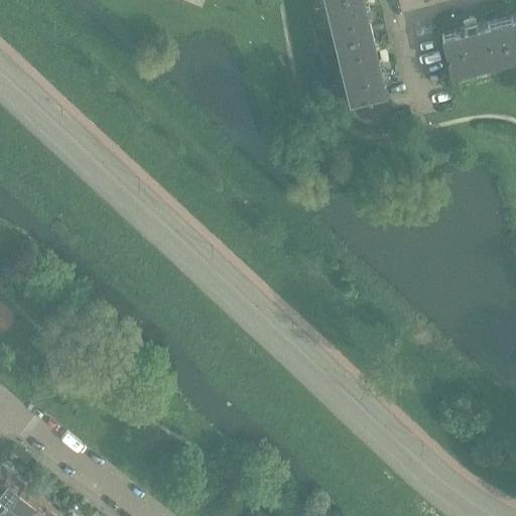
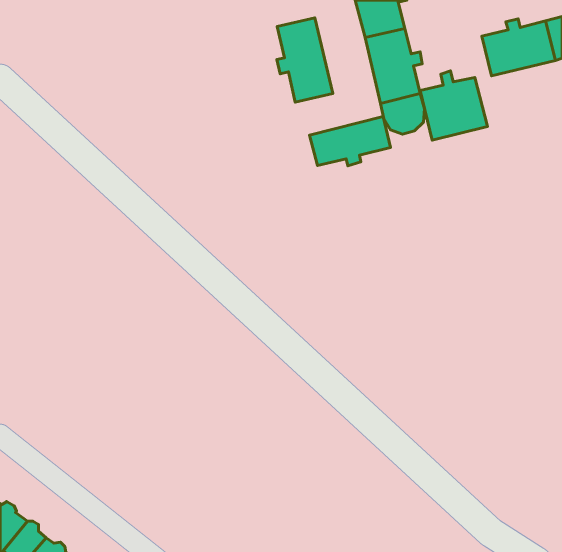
building: none -> [277,18,333,102]
building: none -> [420,71,487,140]
building: none -> [309,117,390,166]

